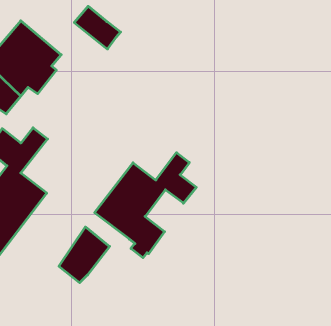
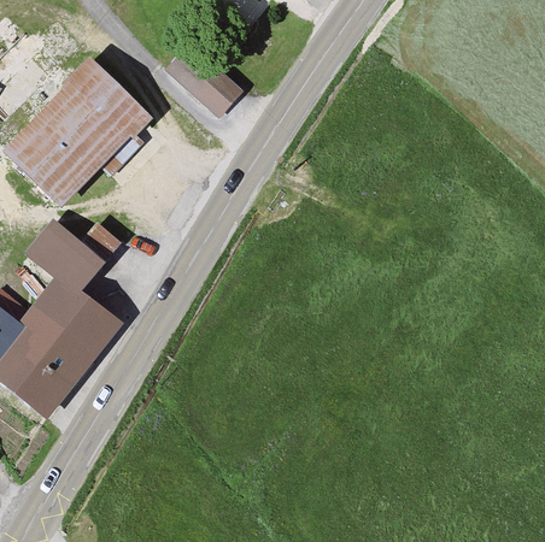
building: [95,153,196,258] -> none
building: [59,227,110,283] -> none

